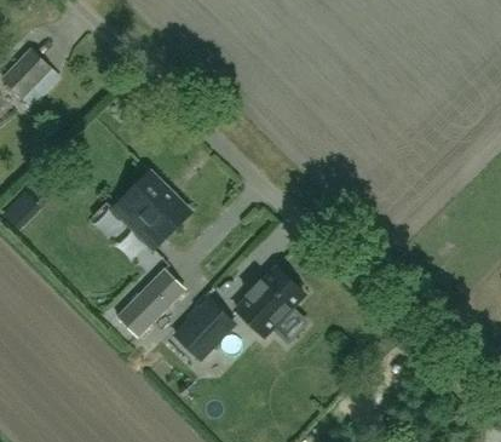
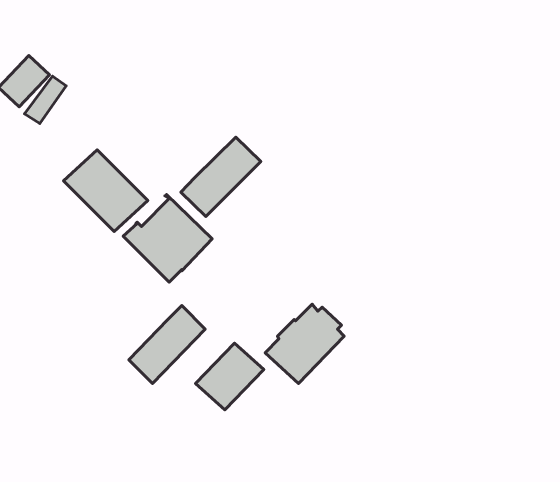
building: none -> [181,137,261,217]
building: none -> [64,150,148,232]

